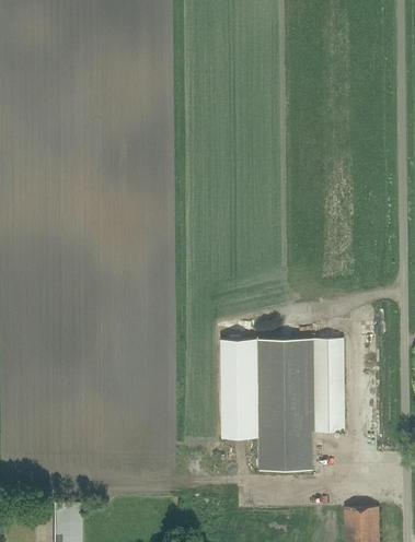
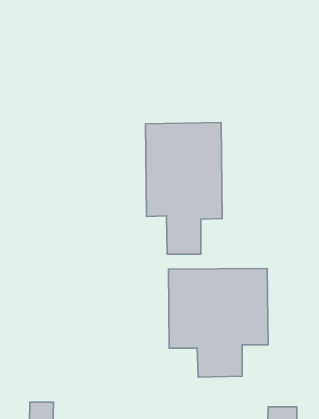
building: none -> [146,123,222,254]

